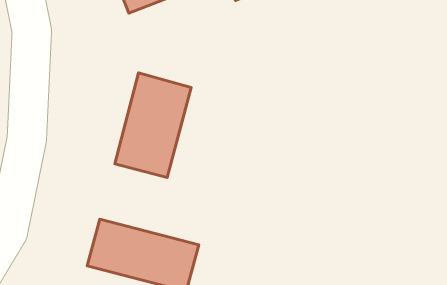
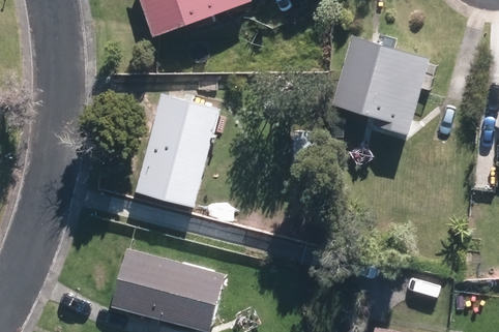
building: none -> [336,38,428,129]

